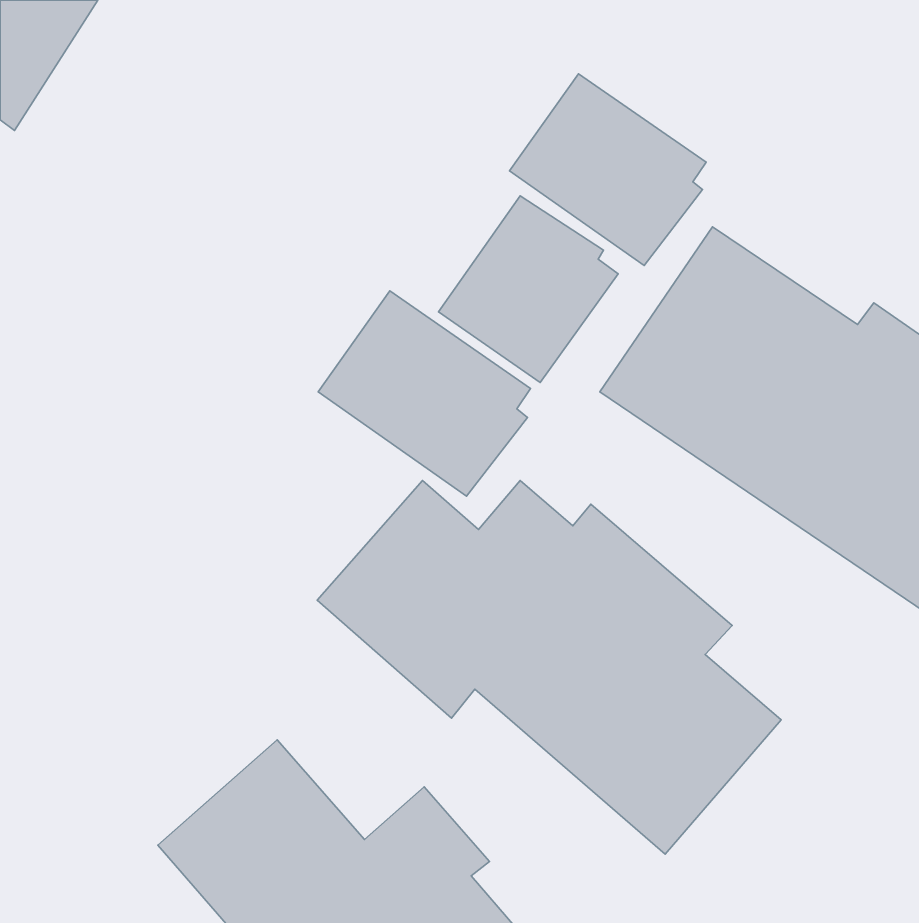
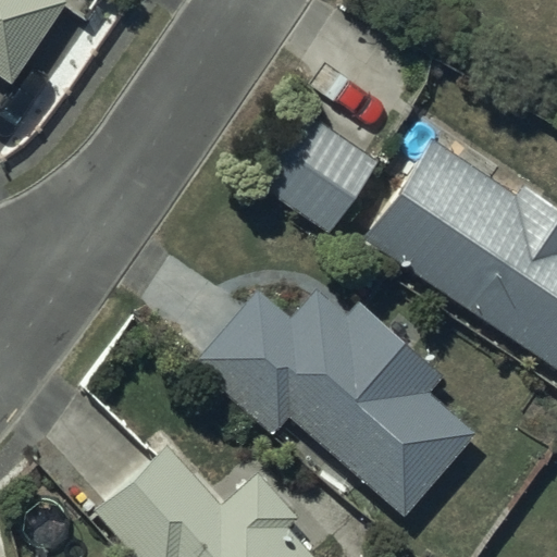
building: [510,74,706,266] -> none
building: [318,291,531,496] -> none

